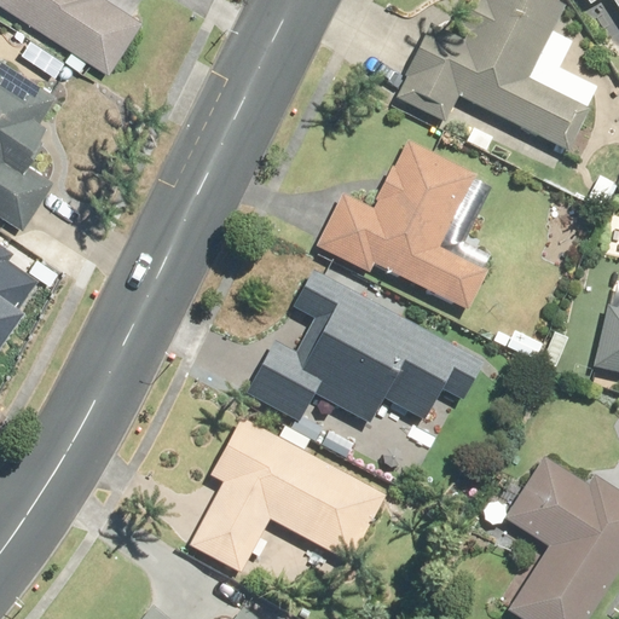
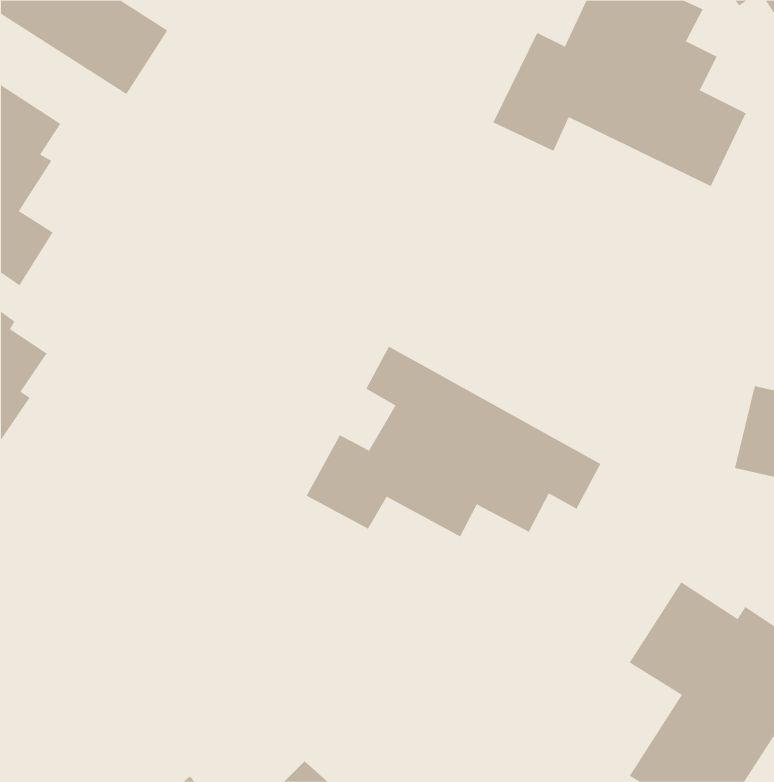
building: [317,140,484,303] -> none
building: [190,421,382,572] -> none

